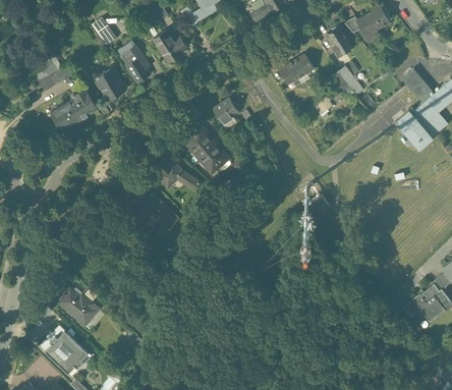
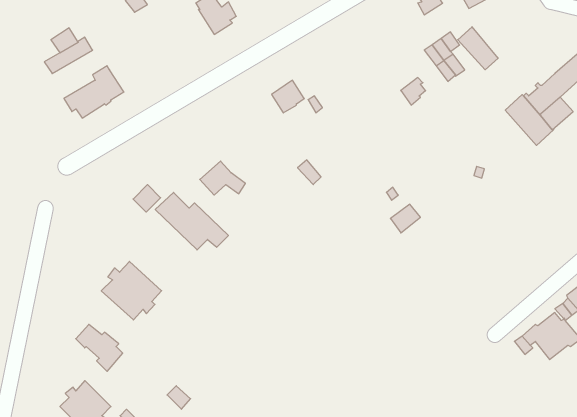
building: [118,43,151,85] -> none
building: [278,55,314,86] -> none
building: [97,69,126,102] -> none
building: [402,69,434,103] -> [458,27,498,70]
building: [187,127,230,171] -> none
building: none -> [101,261,162,320]

